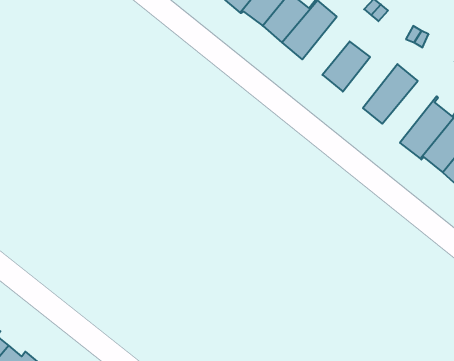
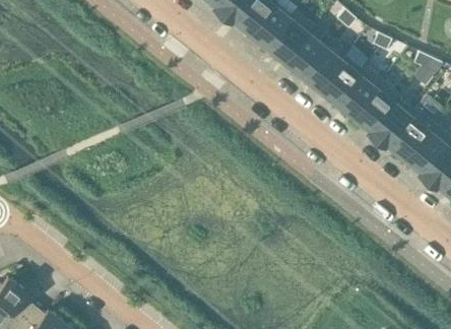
building: none -> [282,25,323,75]
building: none -> [317,57,364,104]
building: none -> [350,80,397,133]

